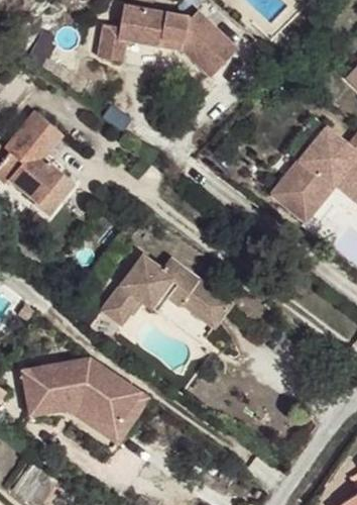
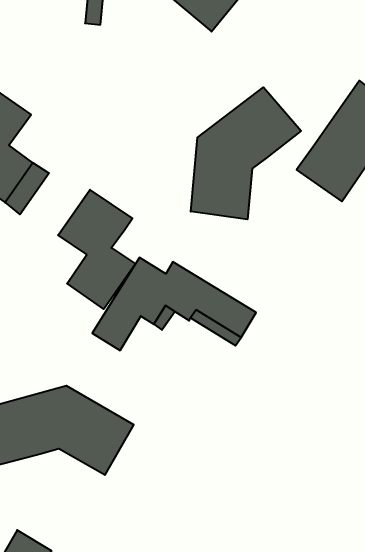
building: none -> [191,87,301,219]
building: none -> [58,190,136,309]
building: [54,387,138,439] -> none

